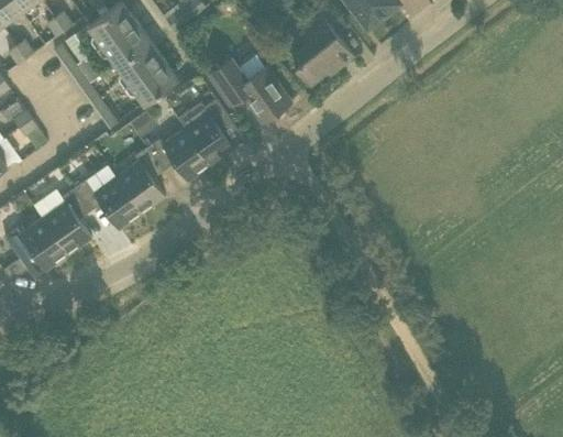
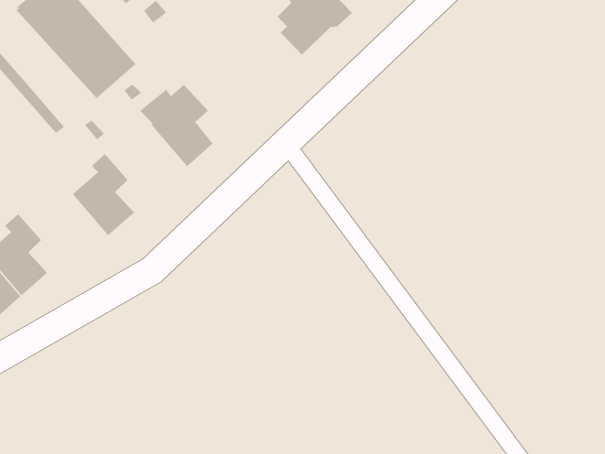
building: [206,56,290,122] -> none
building: [146,128,210,181] -> none
building: [73,176,142,229] -> none

